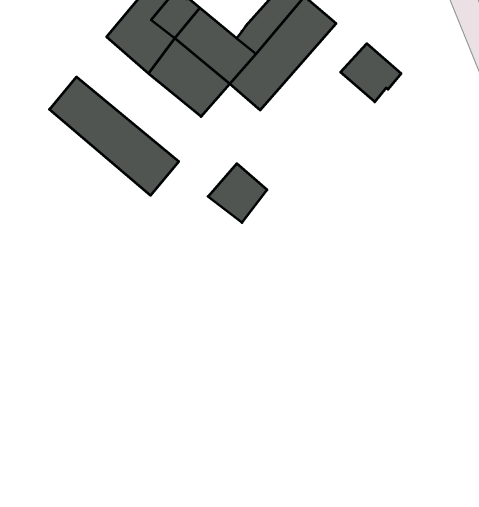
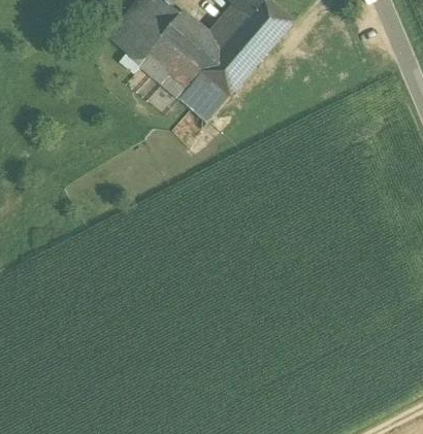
building: [341,44,401,102] -> none
building: [49,77,179,195] -> none
building: [208,164,267,223] -> [181,72,227,119]

